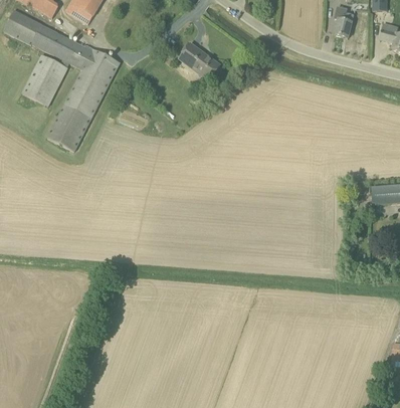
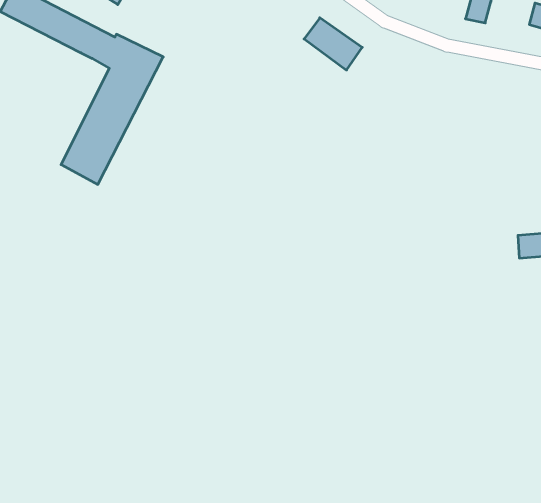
building: [179,43,220,80] -> [304,18,362,70]
building: [22,54,69,107] -> none

